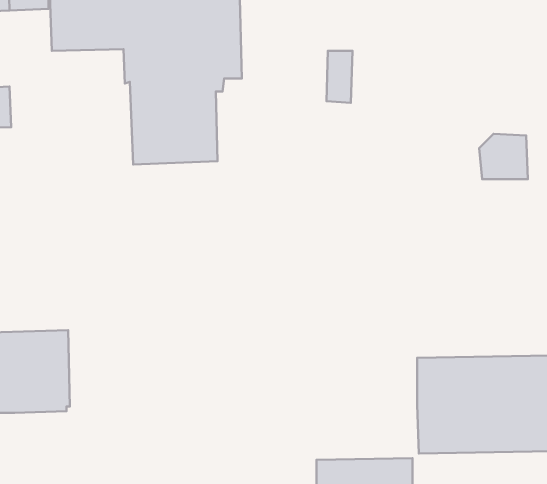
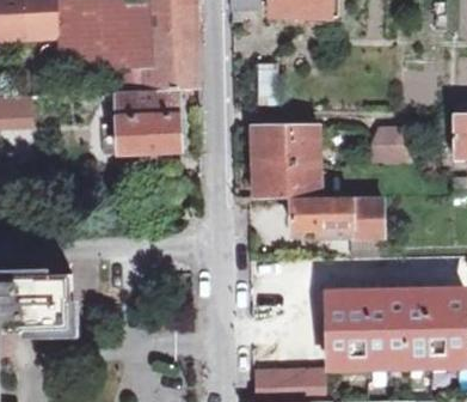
building: none -> [252,127,381,236]

